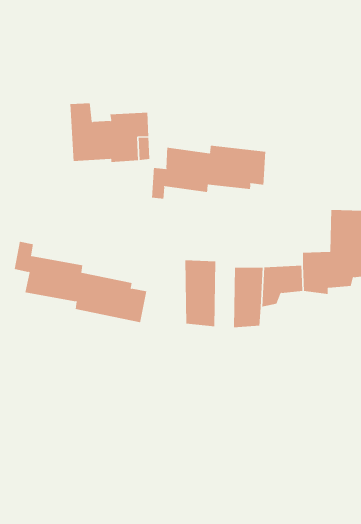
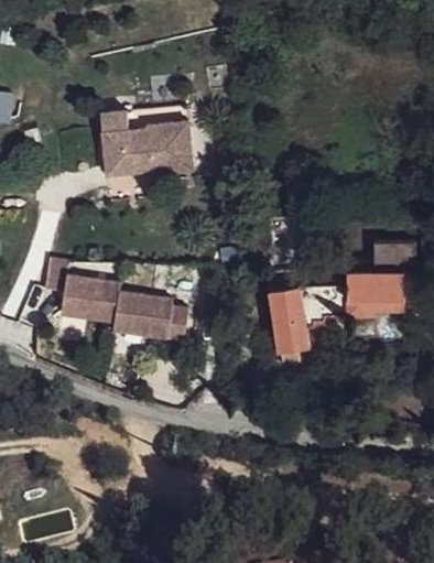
building: [152,145,266,199] -> none
building: [185,260,216,327] -> none

